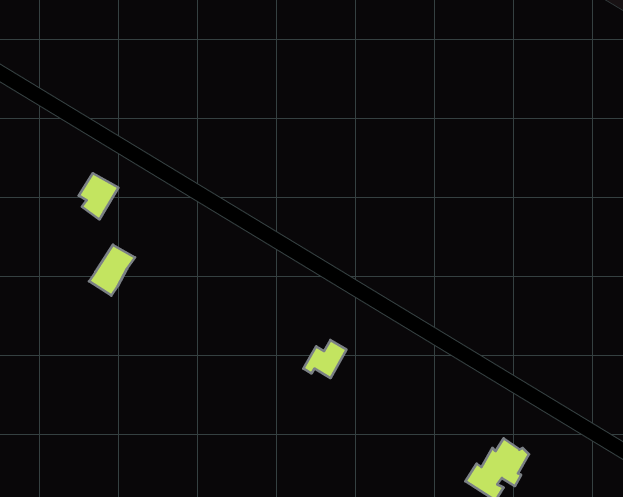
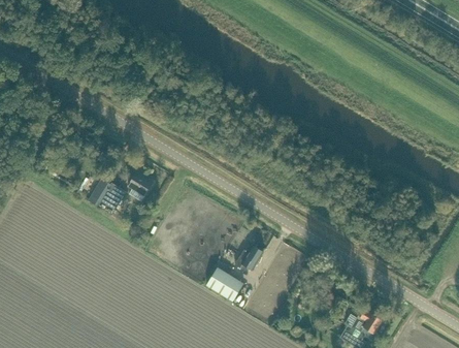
building: [79,173,118,219] -> [127,170,153,200]
building: none -> [206,266,243,299]

